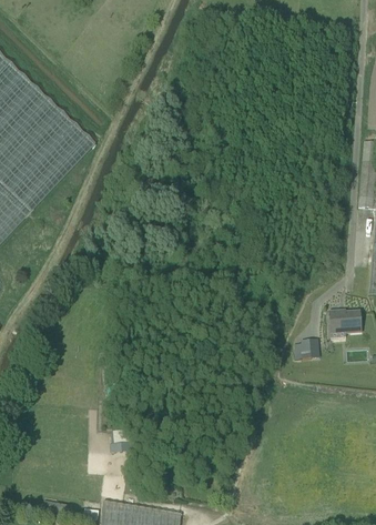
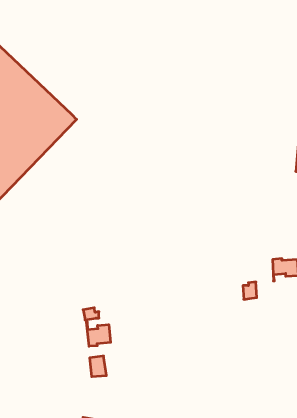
building: none -> [86,322,111,346]

